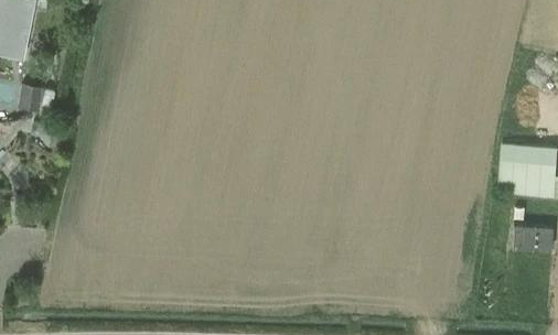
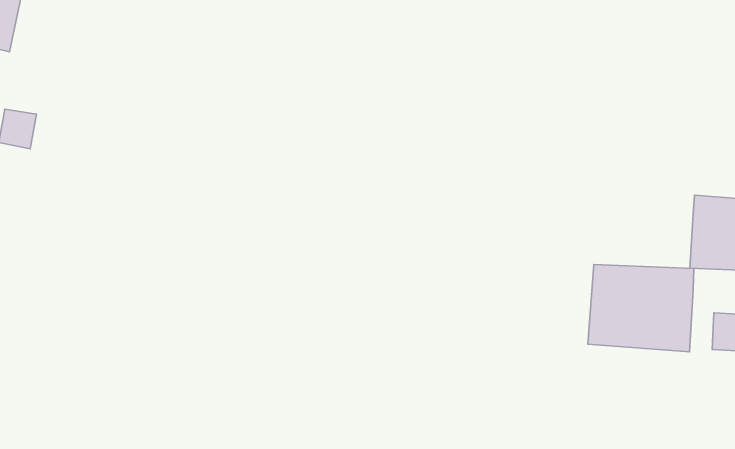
building: none -> [588,265,694,352]

